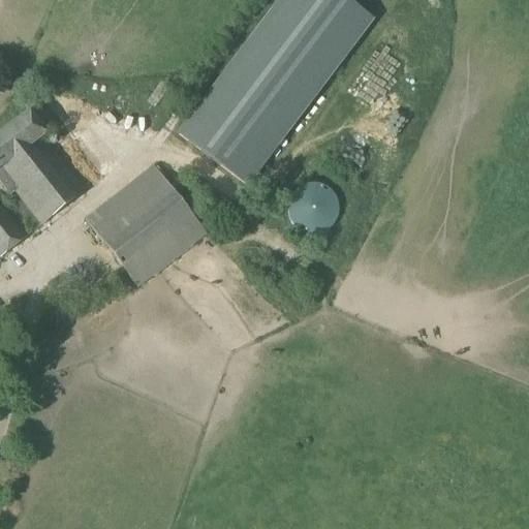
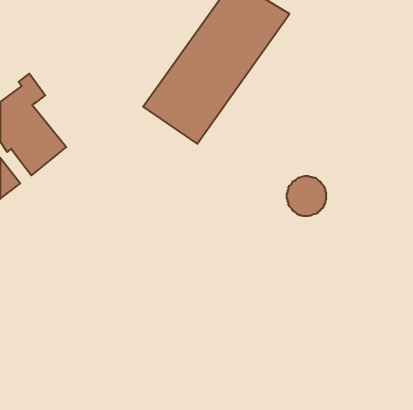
building: [84,163,206,286] -> none
building: [286,182,337,232] -> [287,176,326,216]

